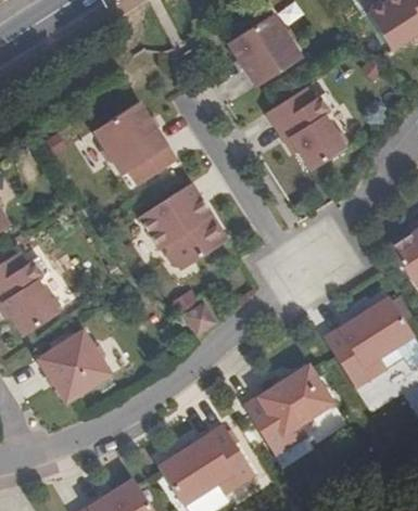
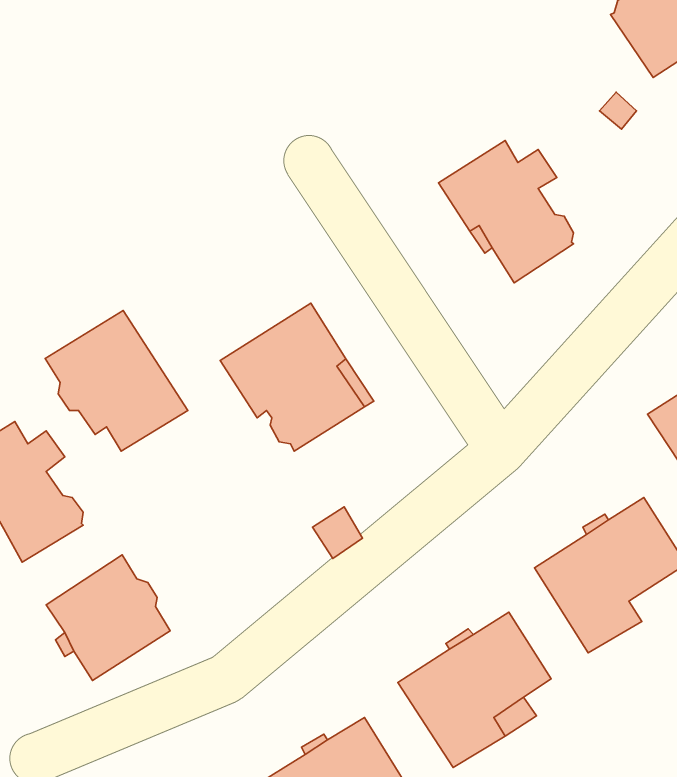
building: [229,13,303,86] -> none
building: [94,102,178,184] -> [45,310,188,451]

